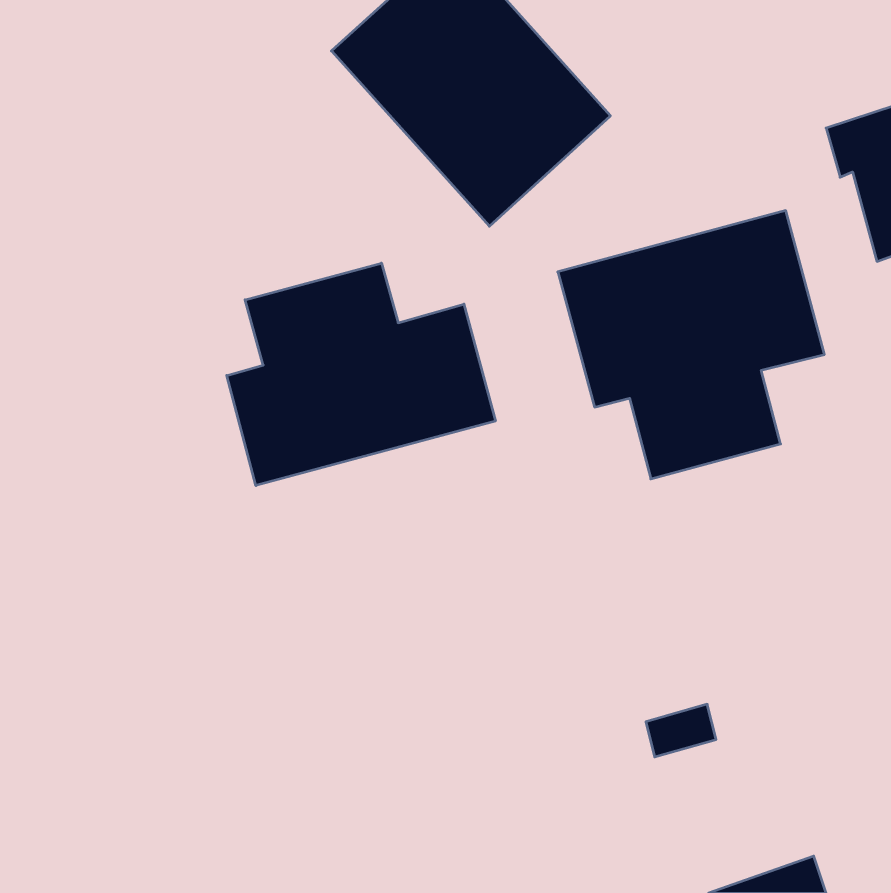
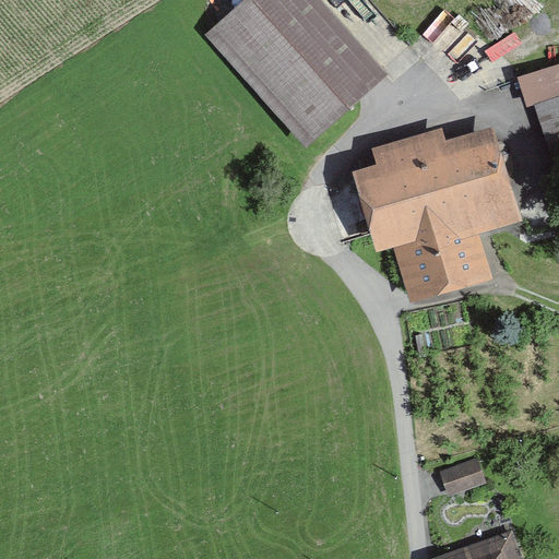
building: [227,263,495,486] -> none
building: [646,704,716,757] -> [442,462,486,495]

